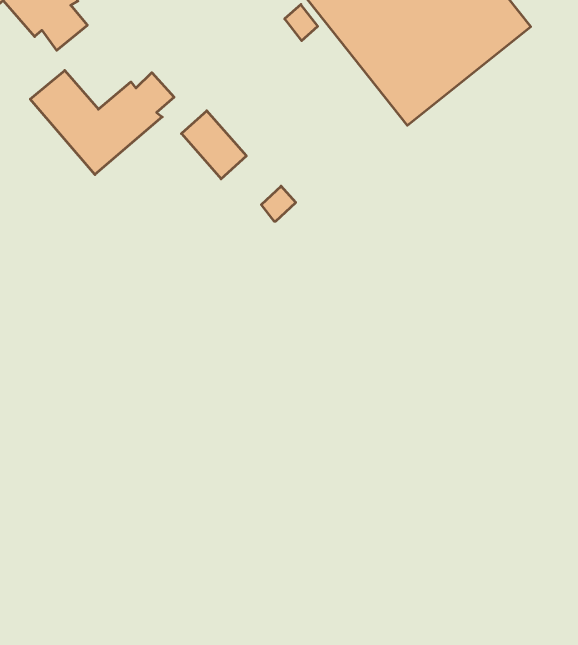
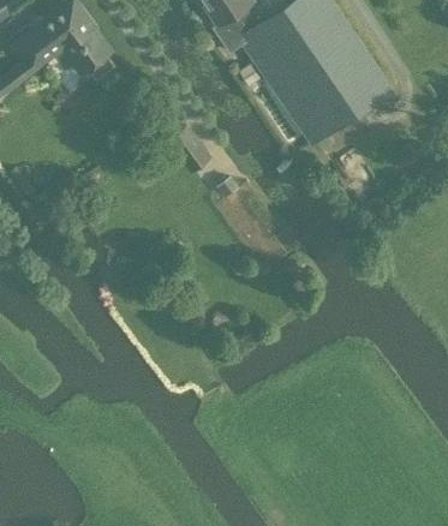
building: [30,70,174,175] -> none

